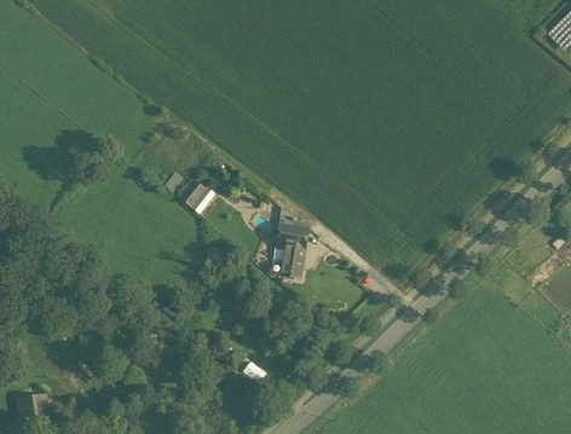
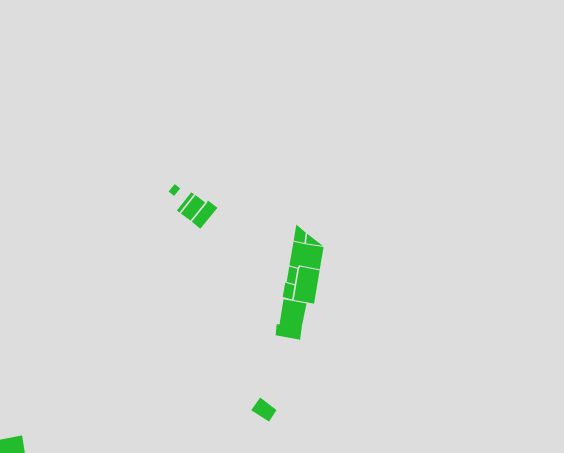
building: none -> [275,299,307,340]

